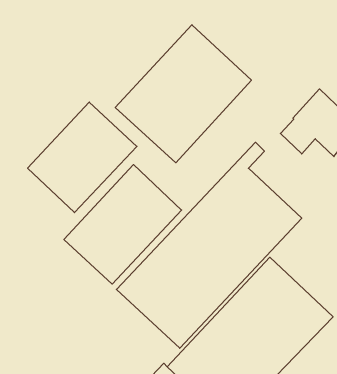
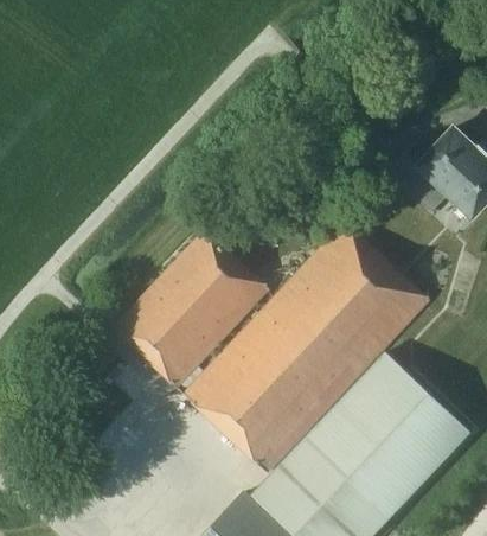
building: [115,25,251,163] -> none
building: [28,102,137,213] -> none

